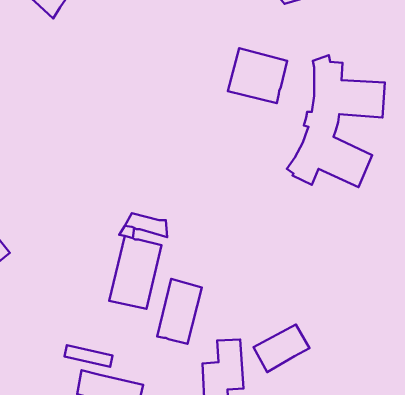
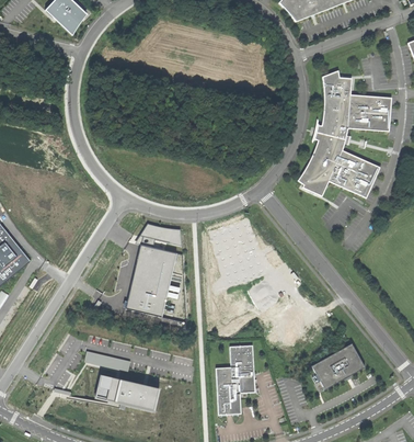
building: [228,48,287,103] -> none
building: [157,279,202,344] -> none
building: [254,324,309,372] -> [311,343,365,389]

